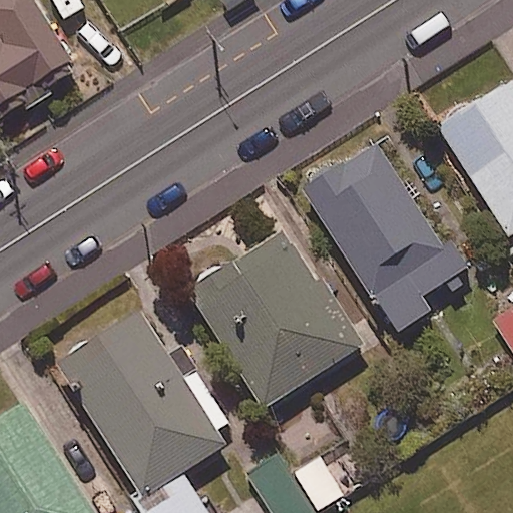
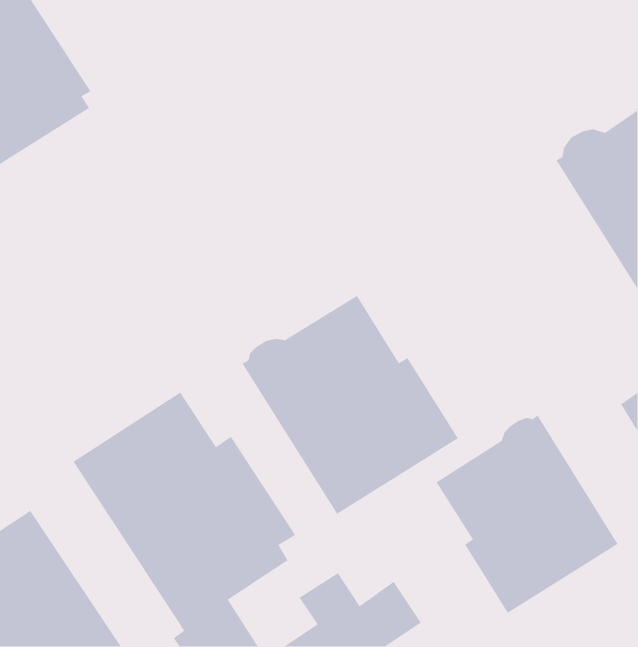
building: [303,141,468,331] -> none
building: none -> [436,415,618,614]

